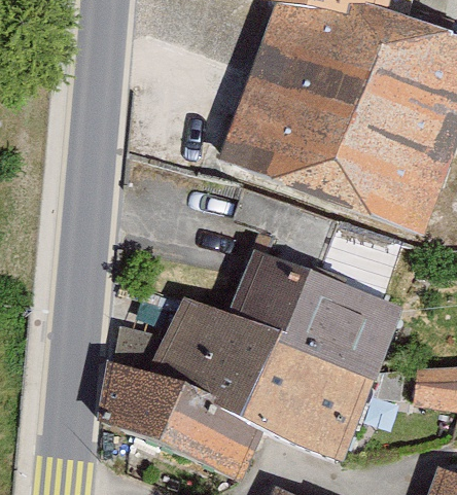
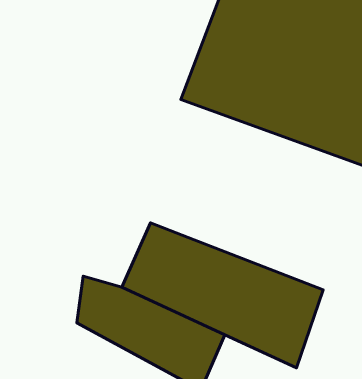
building: [225,245,405,373] -> none

